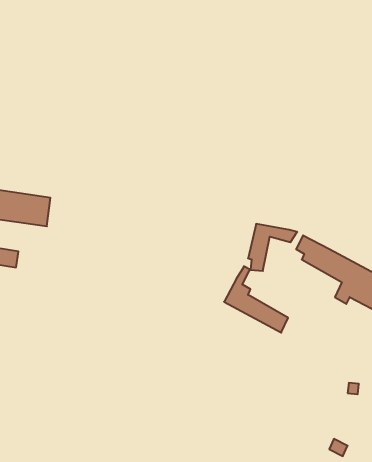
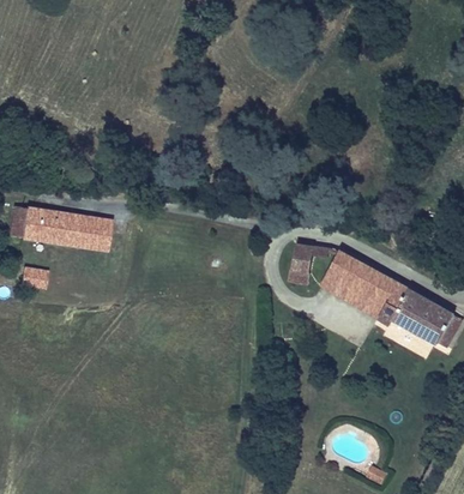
building: none -> [78,216,109,251]
building: [224,266,288,333] -> [320,251,387,320]

